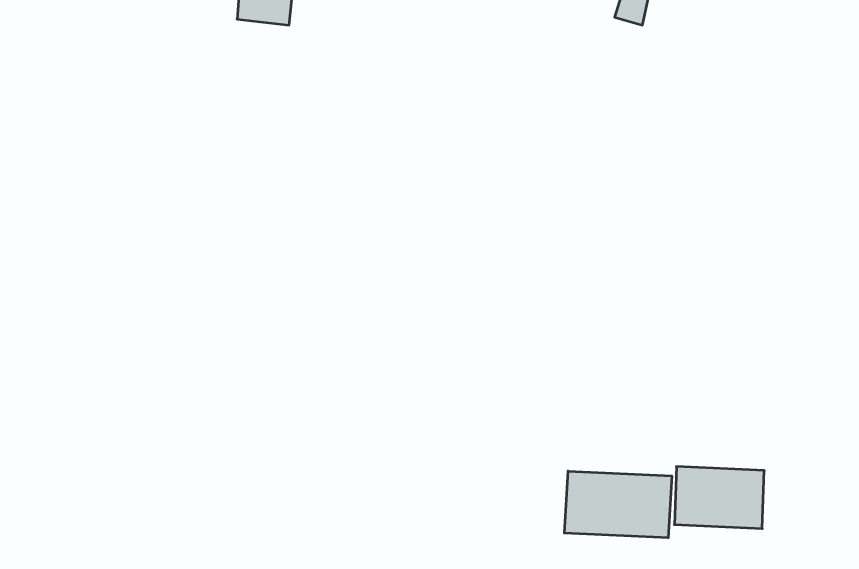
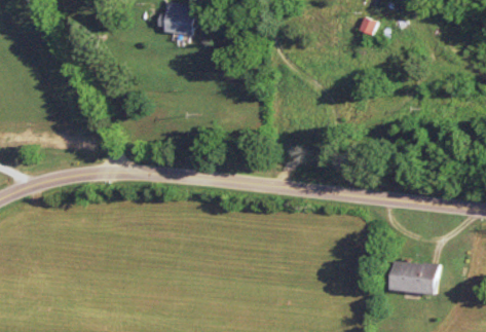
building: [564,471,672,538] -> none

